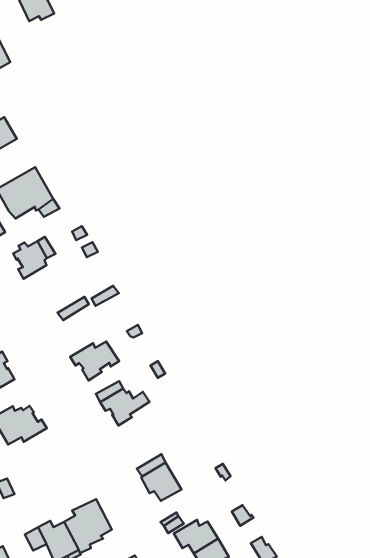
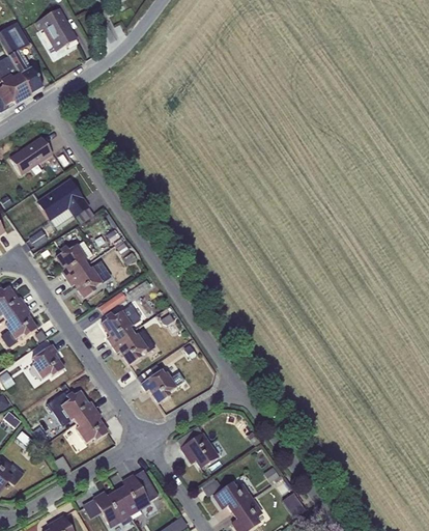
building: none -> [66,259,112,298]
building: none -> [101,304,141,344]
building: none -> [76,409,108,442]

